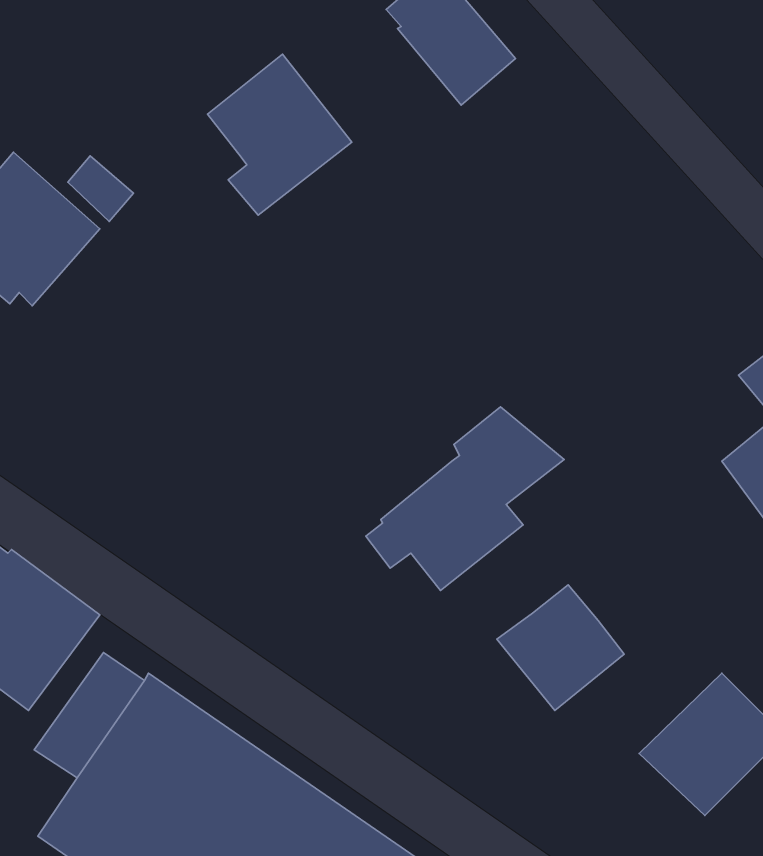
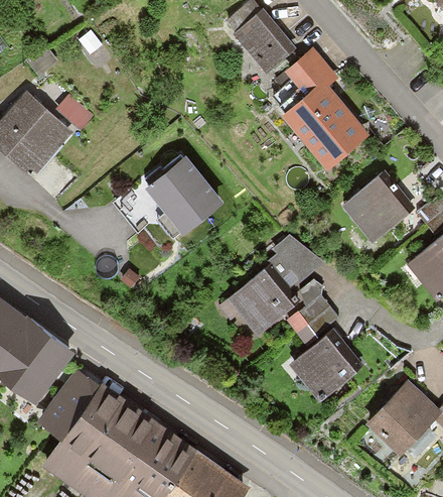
building: [207,54,352,215] -> [147,154,225,241]
building: none -> [282,48,367,167]
building: none -> [341,174,409,241]
building: none -> [287,282,339,348]

